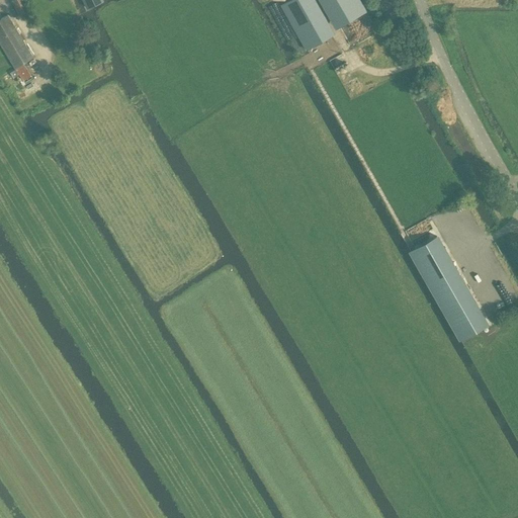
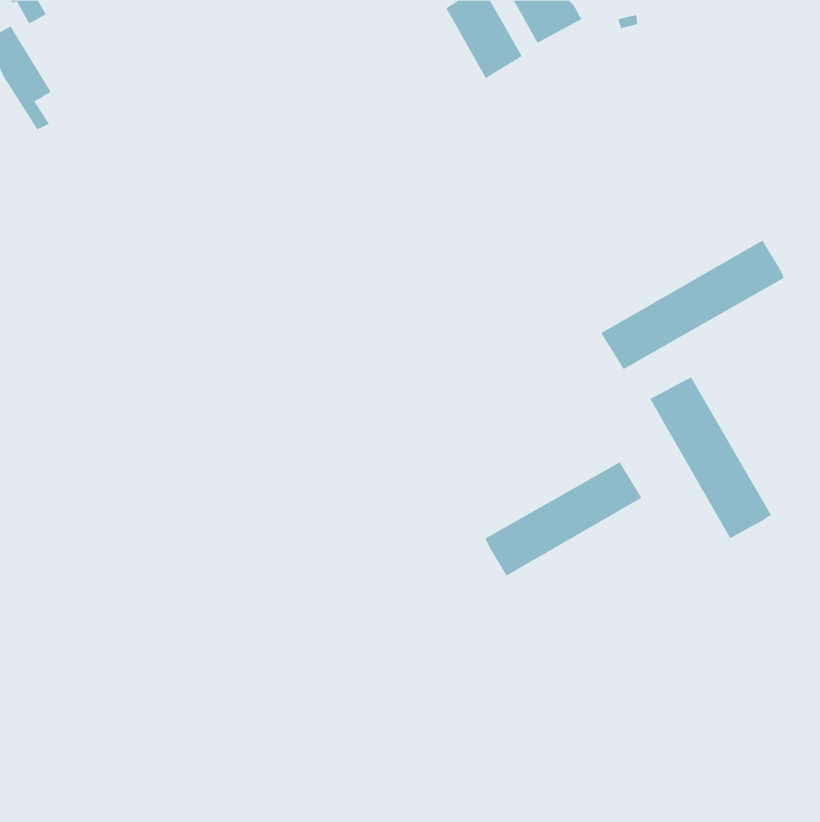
building: none -> [601,240,785,370]
building: none -> [485,461,642,576]

